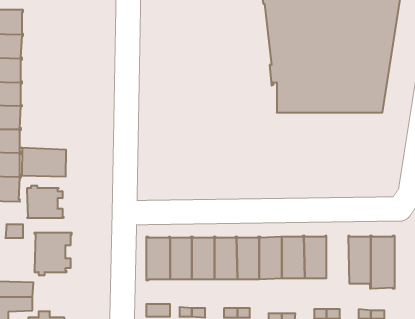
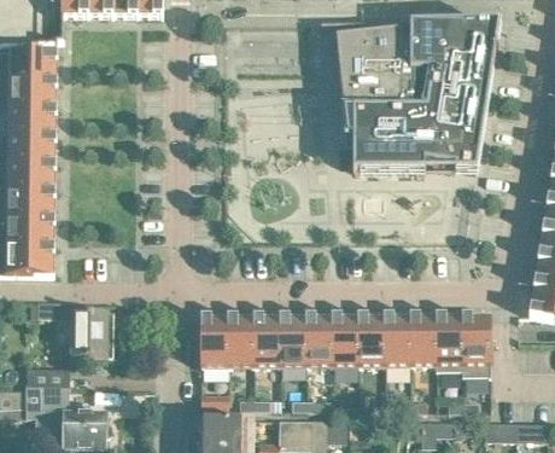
building: [21,147,66,177] -> none
building: [27,186,63,218] -> none
building: none -> [410,314,437,370]

